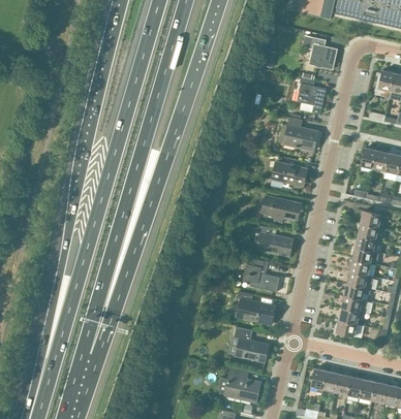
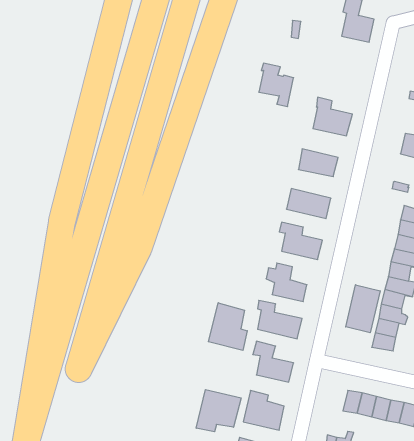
building: [296,76,326,114] -> [259,63,294,107]
building: none -> [346,285,380,333]
building: none -> [208,303,247,350]
building: none -> [196,390,241,432]

